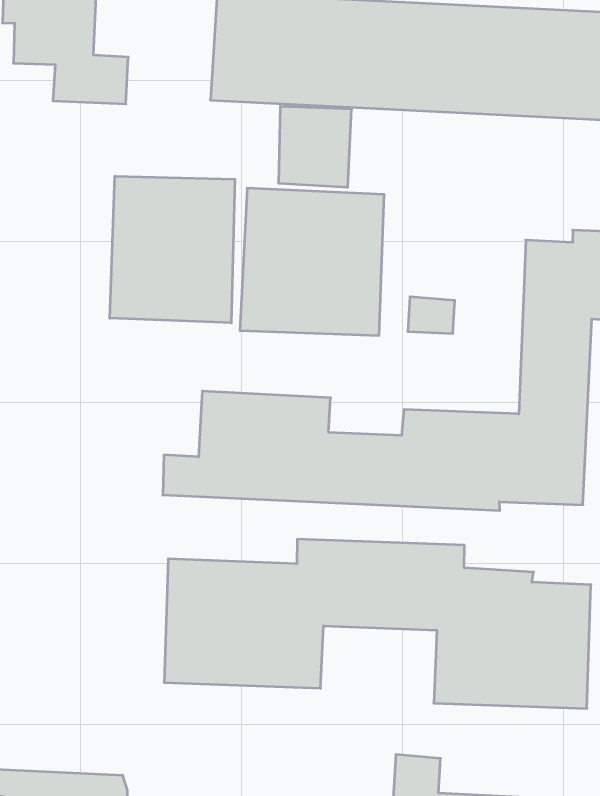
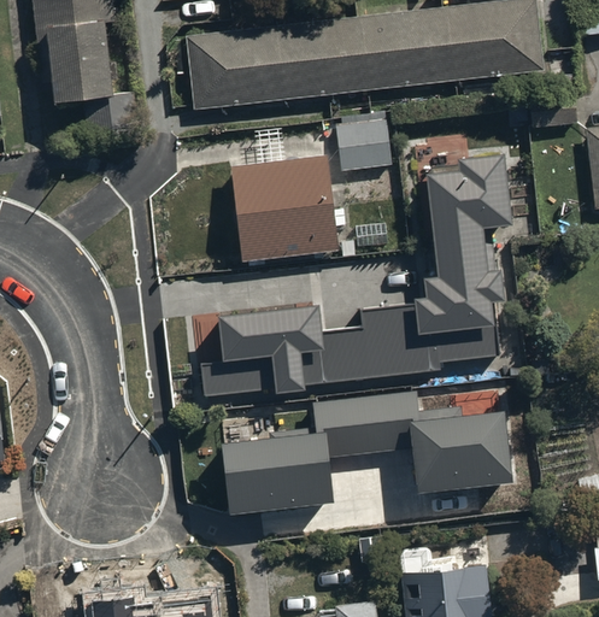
building: [278,106,352,187] -> [335,114,390,174]
building: [110,176,235,323] -> none

